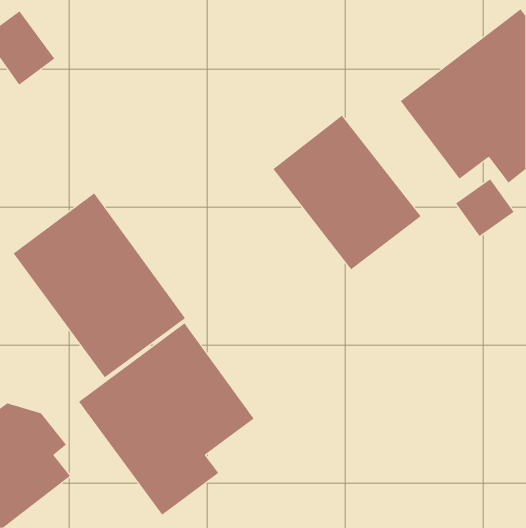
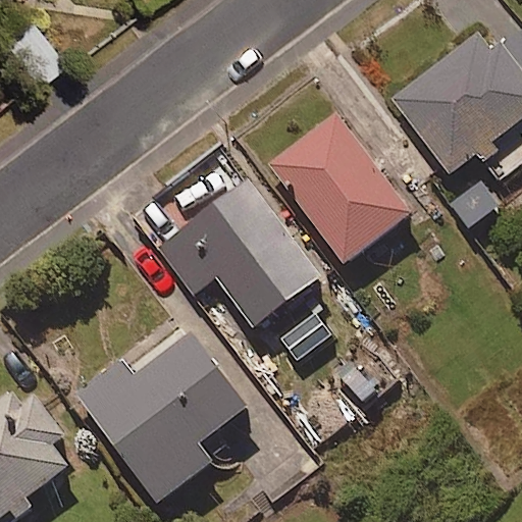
building: none -> [157,179,320,327]
building: [13,192,186,378] -> none

